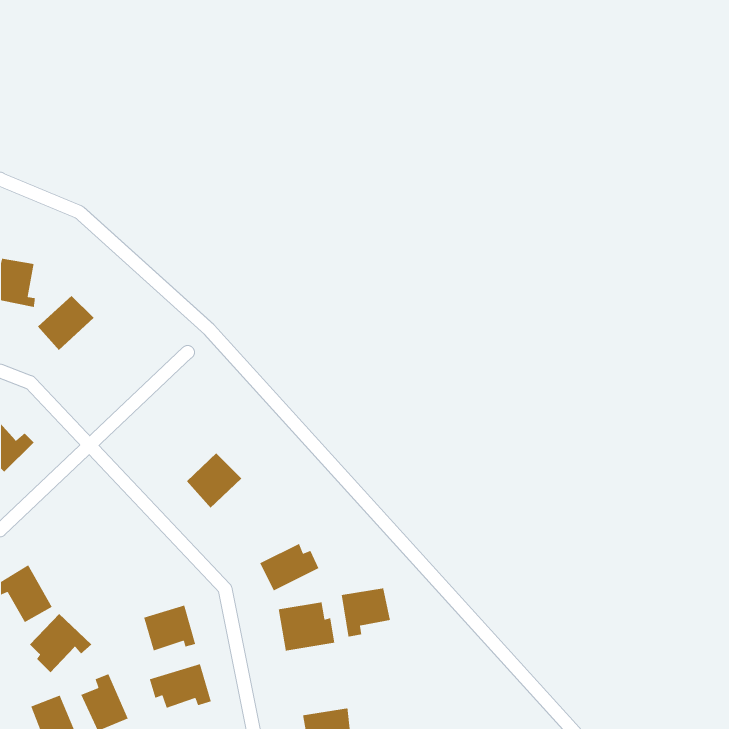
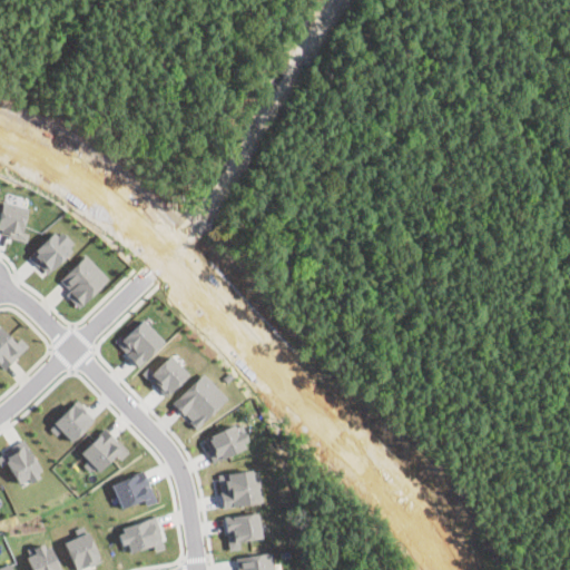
building: none -> [61,255,110,308]
building: none -> [117,318,166,367]
building: none -> [173,373,228,429]
building: none -> [49,401,95,442]
building: [341,587,391,638] -> [225,512,264,551]
building: [29,613,92,673] -> [81,429,130,475]

